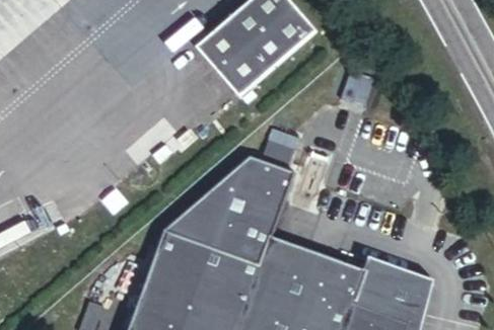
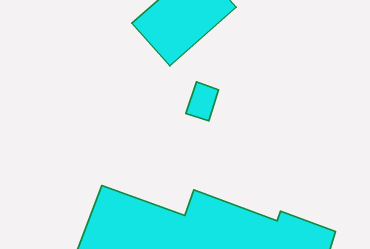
building: [162,160,294,267] -> none

